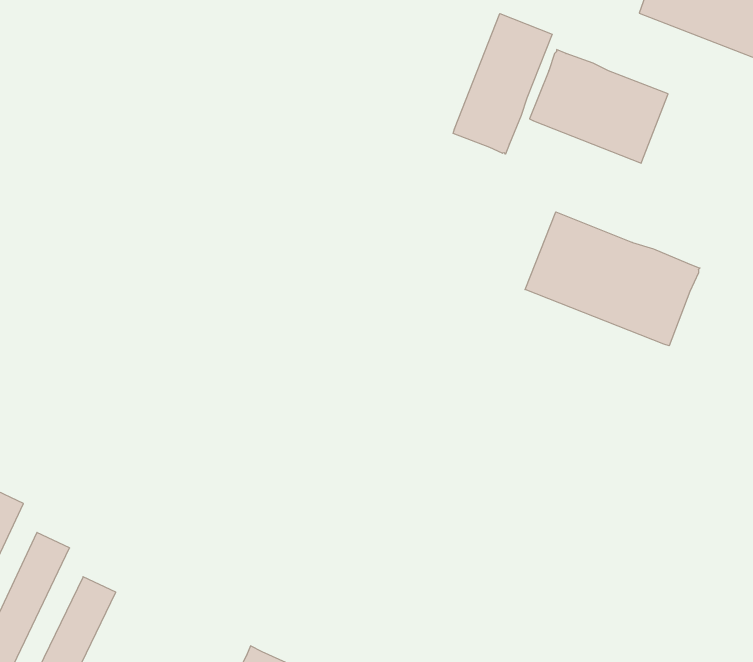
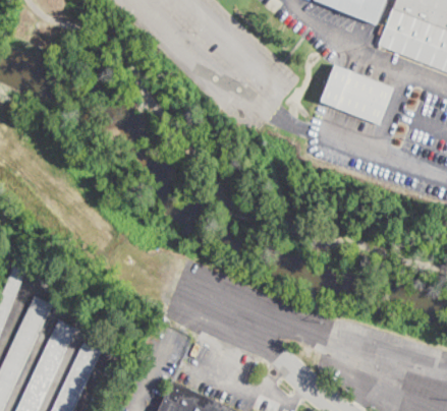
building: [453,14,552,154] -> none
building: [525,212,700,346] -> none

